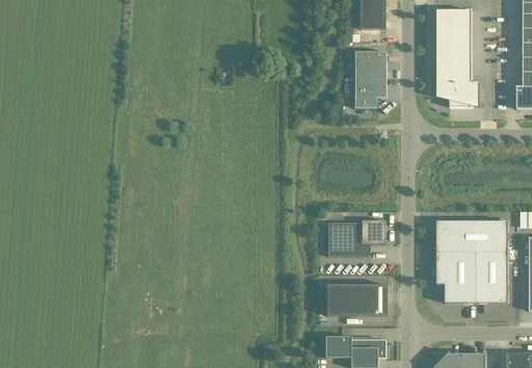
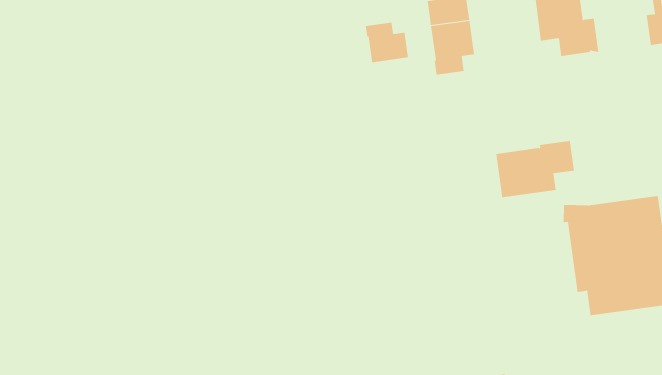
building: none -> [365,22,409,63]
building: [328,220,385,256] -> [495,140,575,198]
building: [327,285,388,316] -> none

